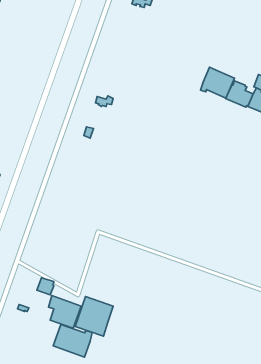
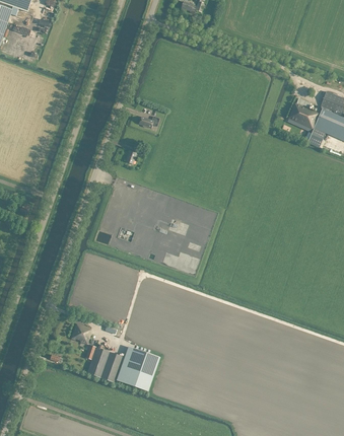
building: [201,67,234,98] -> none
building: [53,324,92,357] -> none

